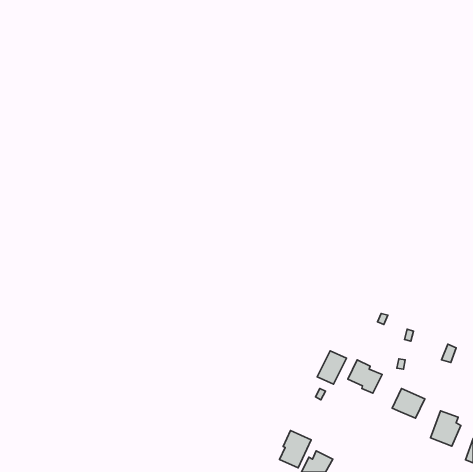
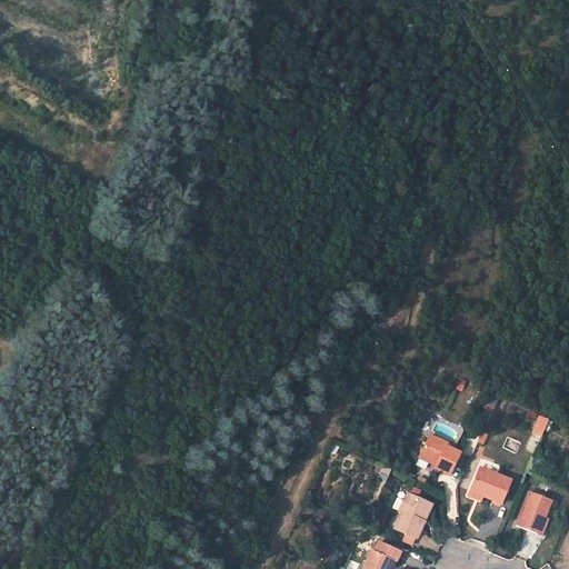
building: [317,351,346,384] -> none
building: [280,431,311,468] -> [395,495,432,539]

